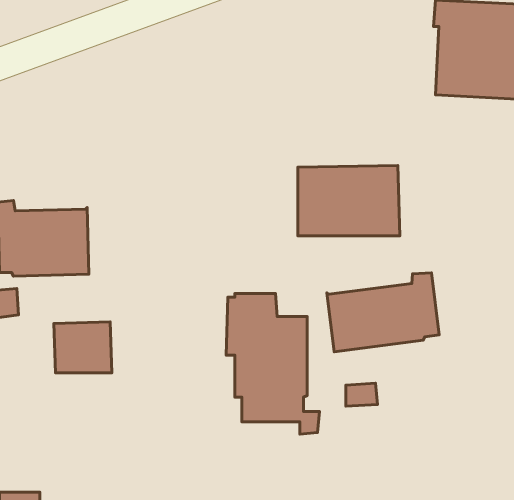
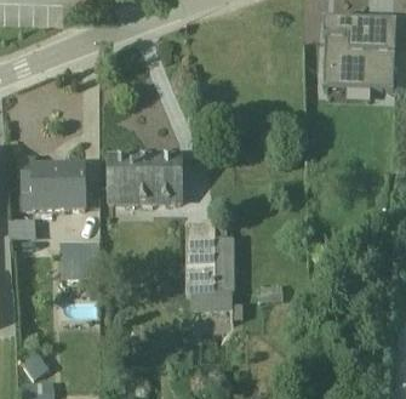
building: [298,165,400,236] -> [111,155,182,204]
building: [327,273,439,352] -> none

